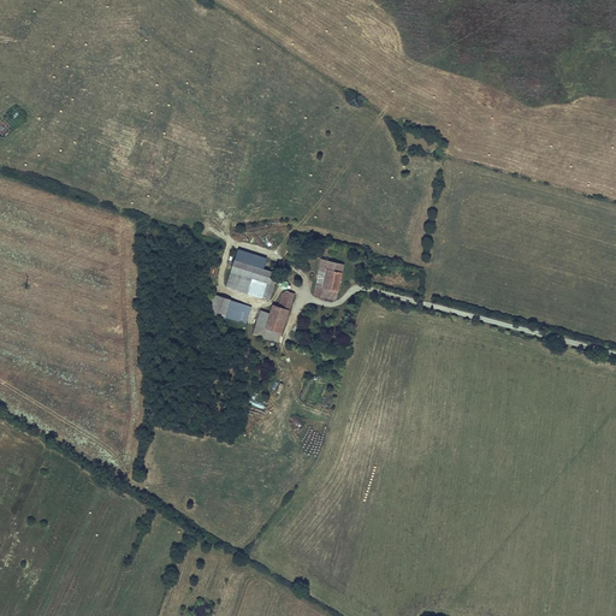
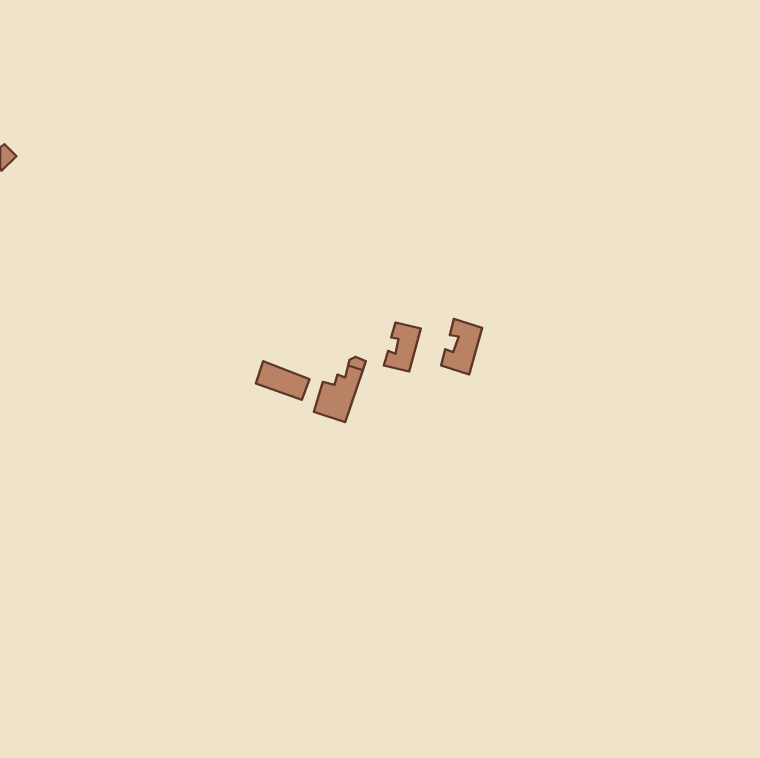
building: [226,249,278,298] -> none
building: none -> [441,319,482,374]

